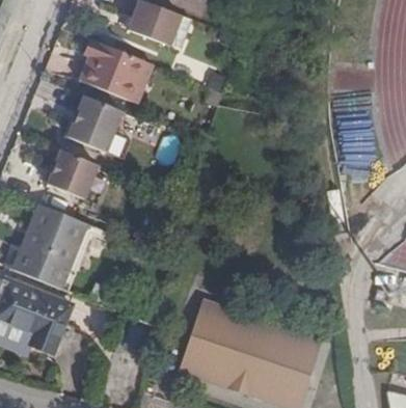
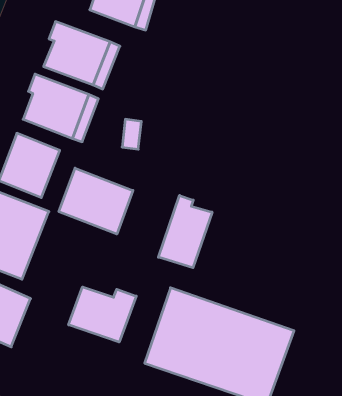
building: none -> [59,168,133,234]
building: none -> [158,195,212,268]
building: none -> [69,287,136,342]

